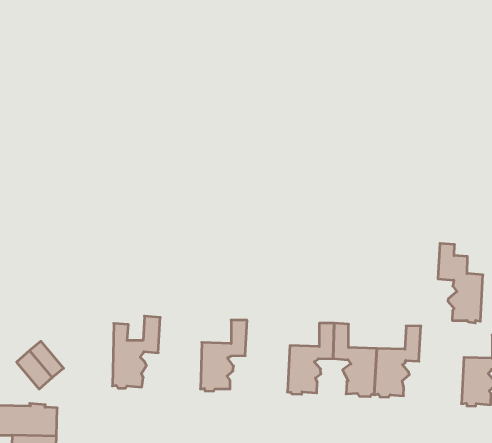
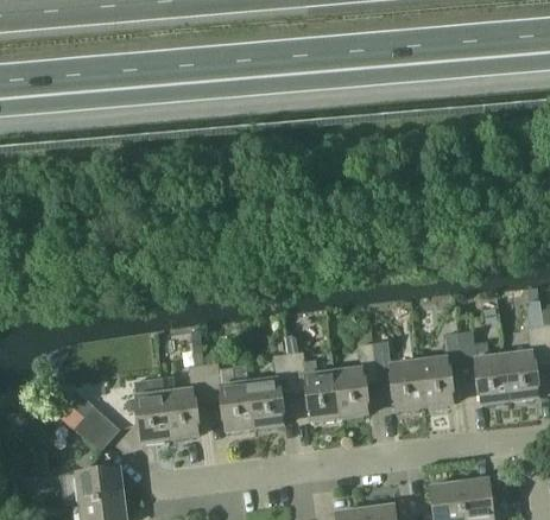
building: [438,243,483,323] -> [459,330,510,404]
building: none -> [206,362,255,430]
building: none -> [290,351,340,419]
building: none -> [134,376,170,440]

